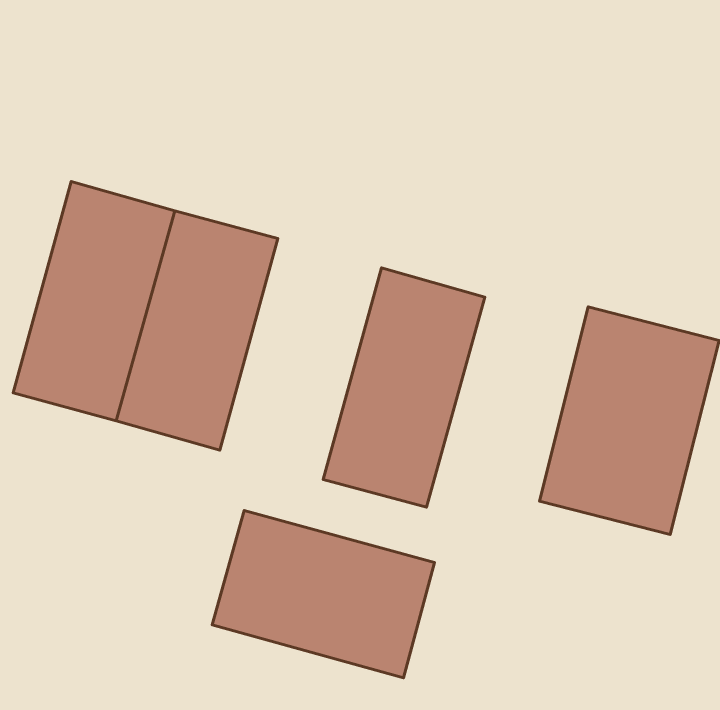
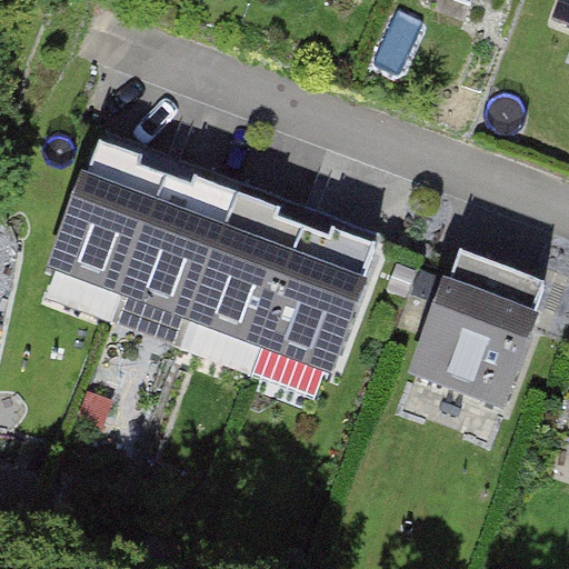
building: none -> [177,189,305,368]
building: [212,510,435,678] -> none

